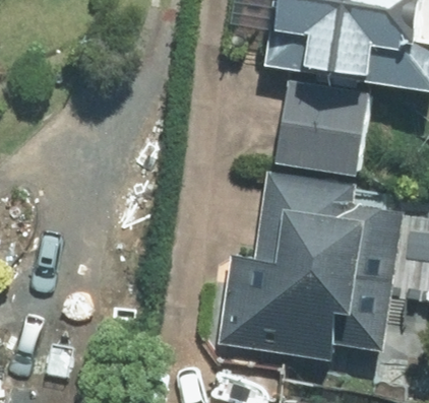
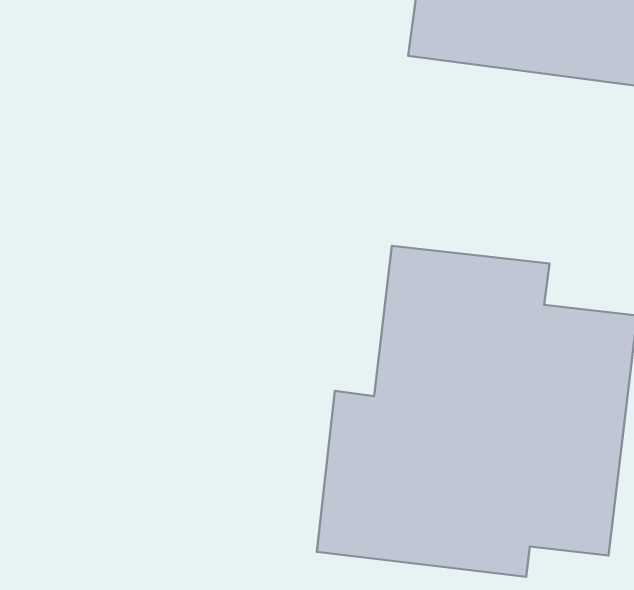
building: [274,86,370,175] -> none

